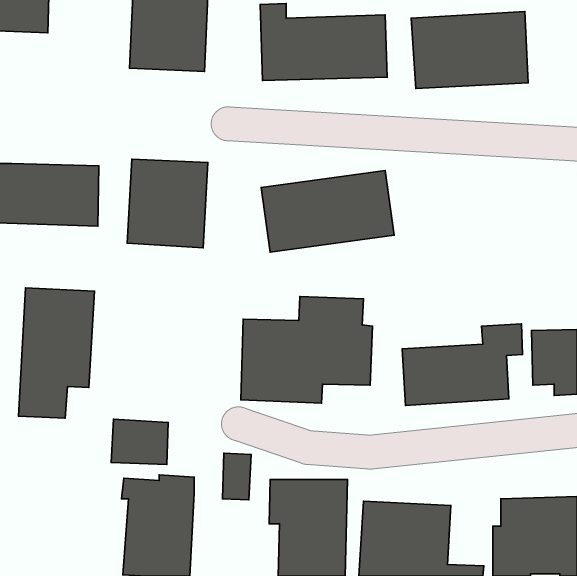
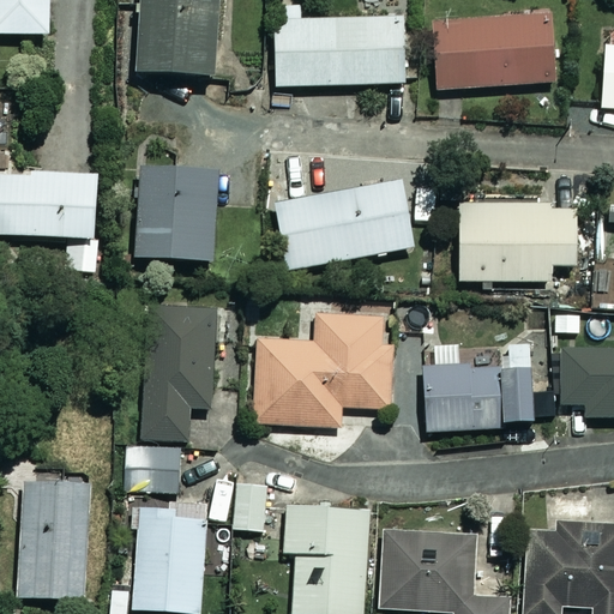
building: none -> [459,203,577,279]
building: [19,288,95,418] -> [137,302,217,440]
building: none -> [19,482,89,598]

